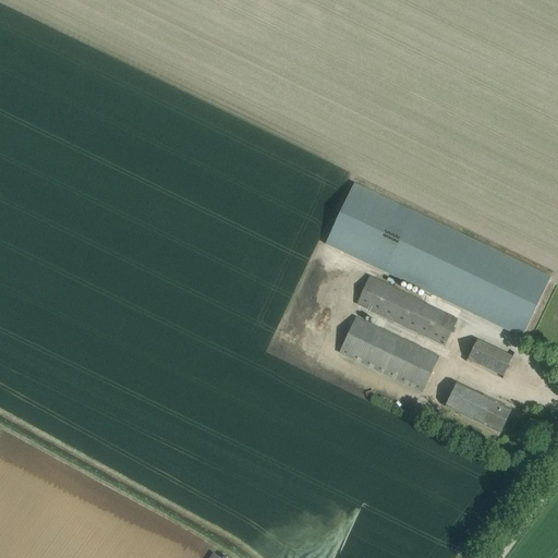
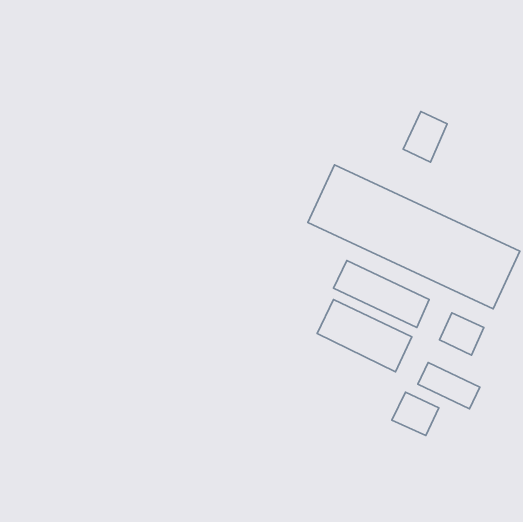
building: none -> [403,112,447,162]
building: none -> [392,392,439,435]

